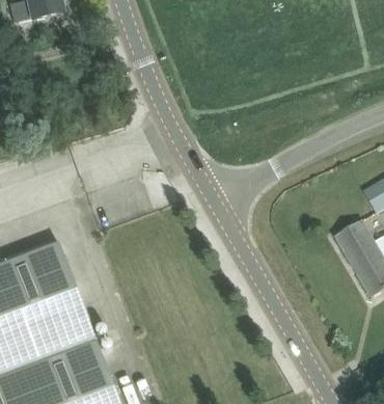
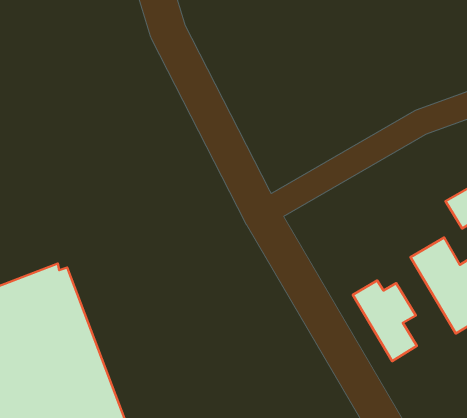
building: none -> [353,281,417,361]

